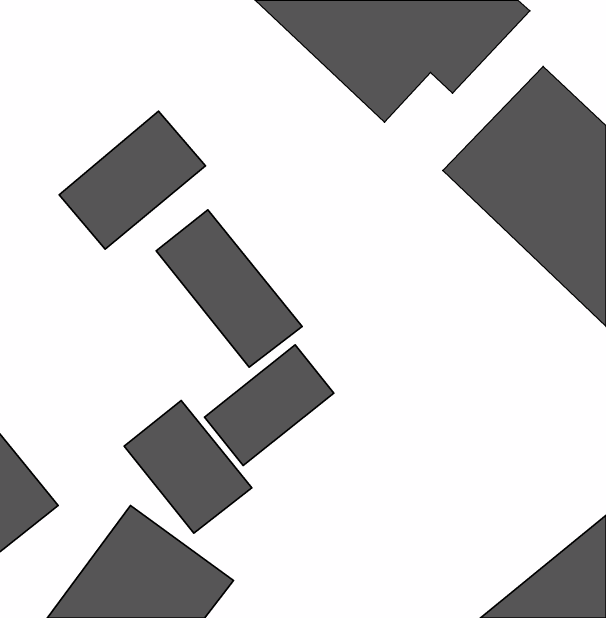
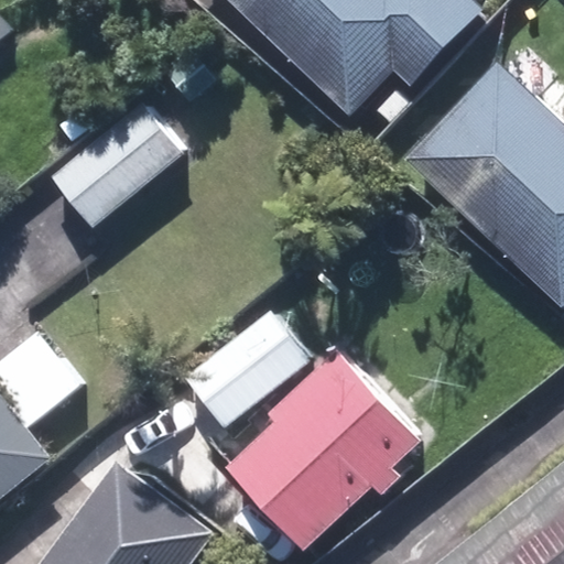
building: [156,210,302,367] -> none
building: none -> [225,350,419,542]
building: [124,401,252,533] -> none

